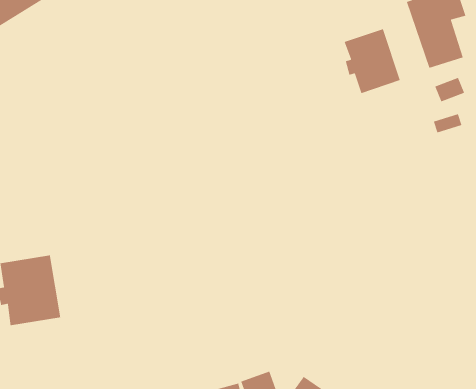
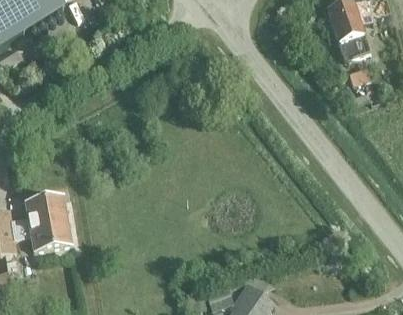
building: [344,28,401,94] -> none

